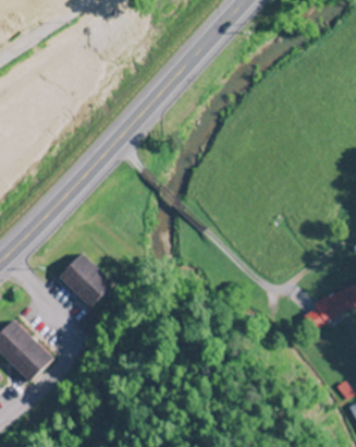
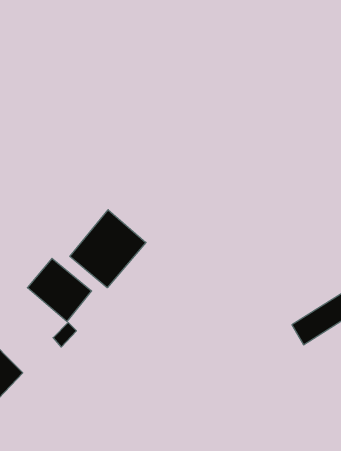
building: none -> [70,210,146,288]

